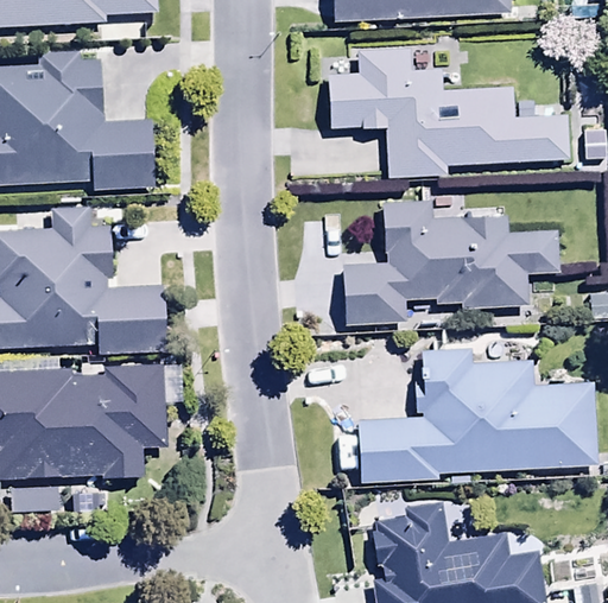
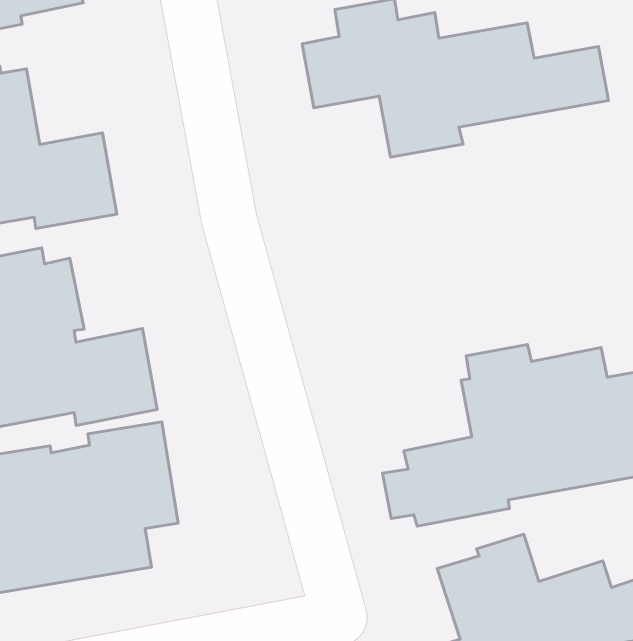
building: [342,182,558,323] -> none

